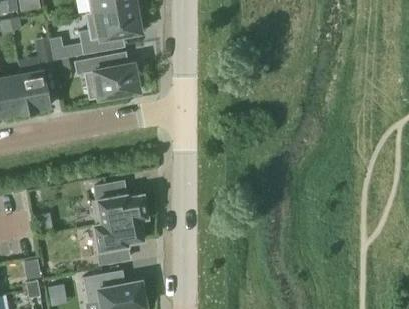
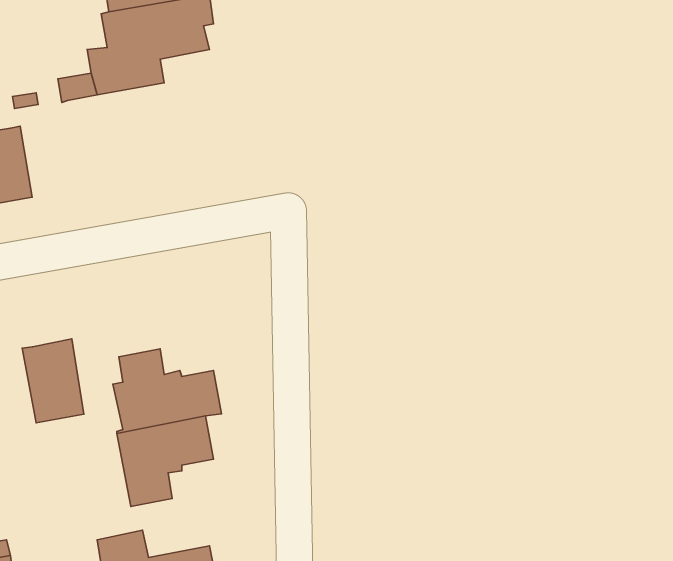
building: [73,55,140,100] -> none
building: none -> [22,339,84,423]

